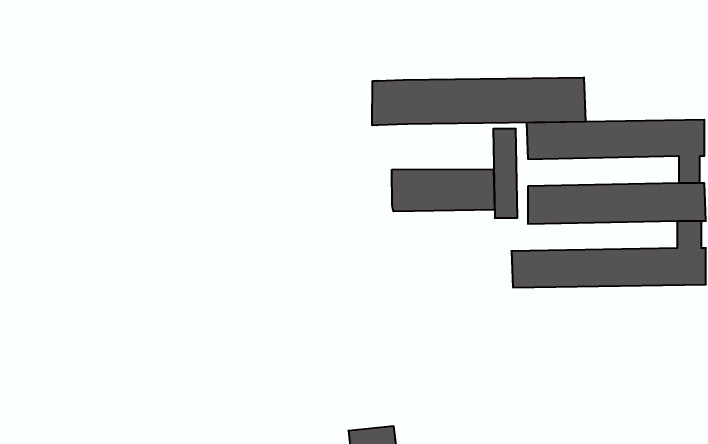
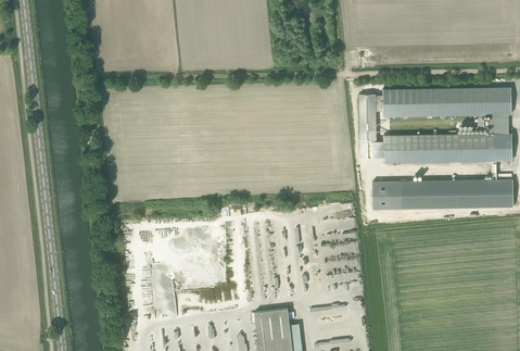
building: [372,77,585,125] -> none
building: [392,169,495,211] -> none

